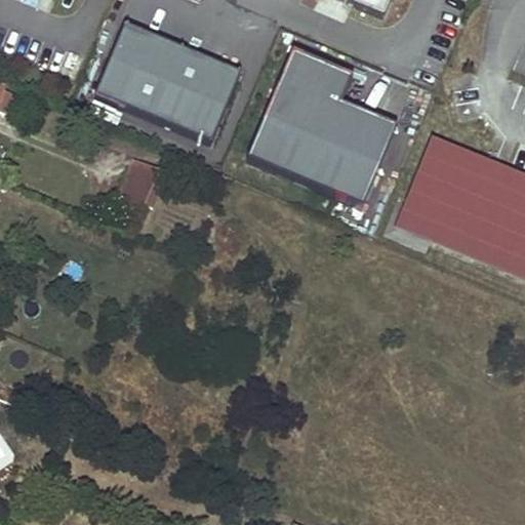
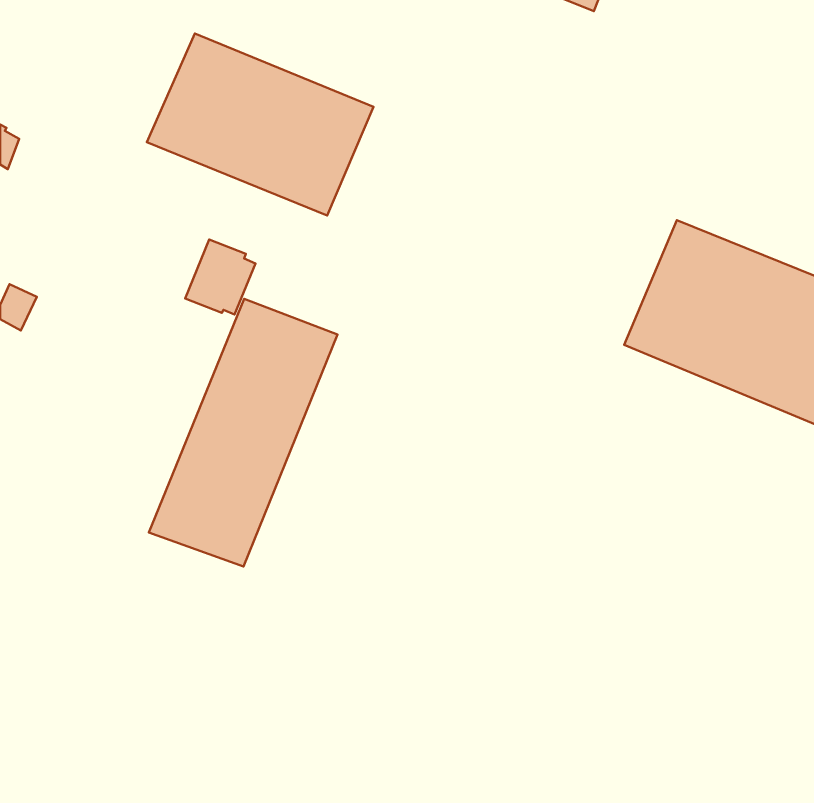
building: [247,48,395,203] -> none
building: none -> [149,299,338,567]

